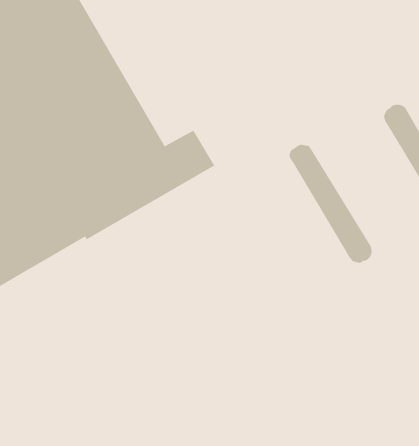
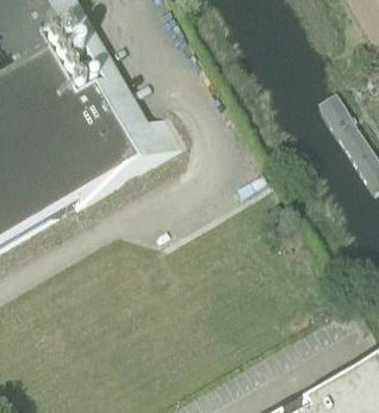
building: [289,144,372,263] -> none

